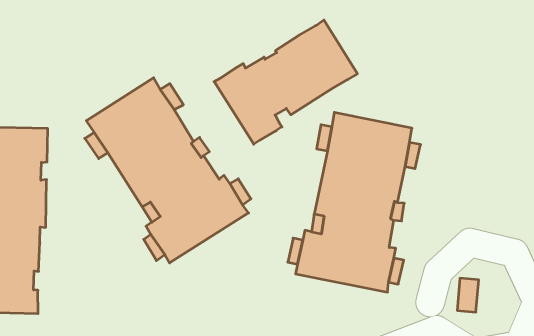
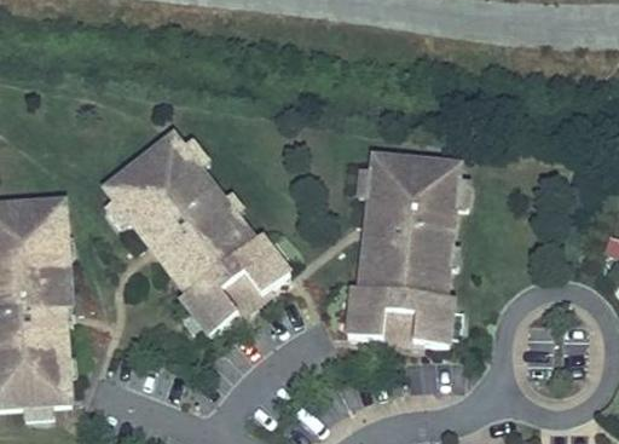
building: [214,20,357,144] -> none

